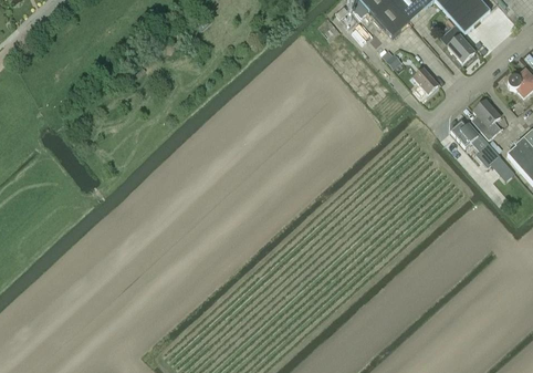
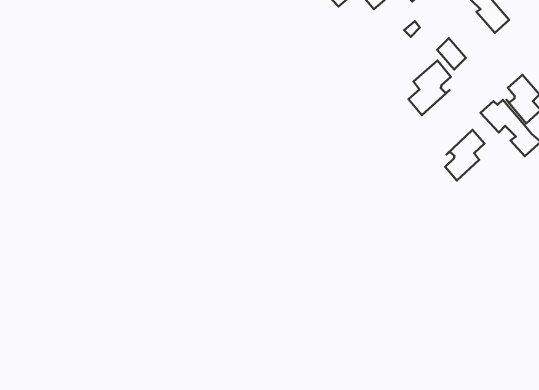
building: none -> [408,61,451,115]
building: none -> [445,130,484,181]

